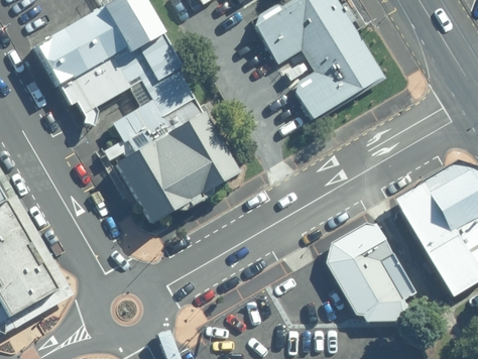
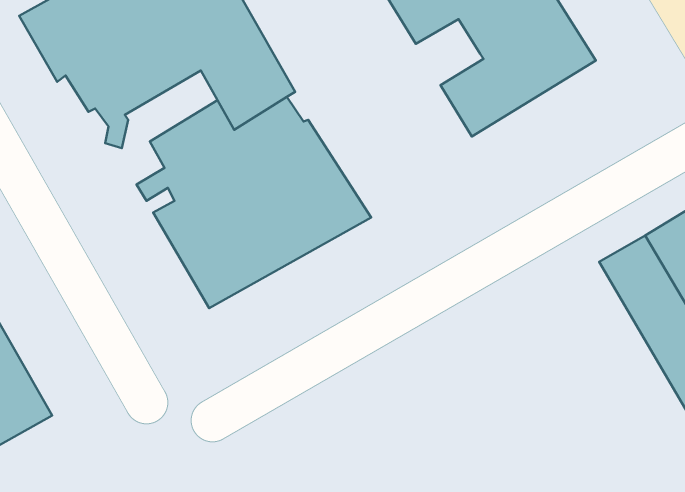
building: [326,222,416,320] -> none

